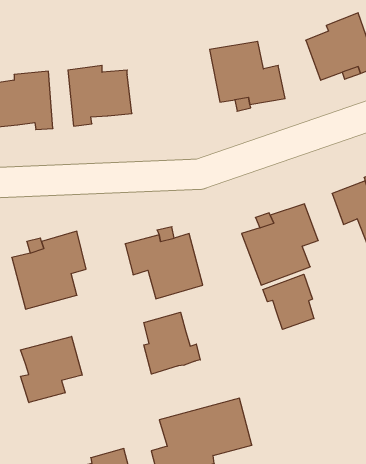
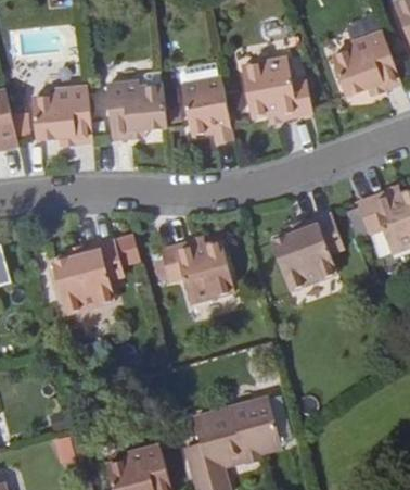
building: none -> [181,77,233,142]
building: [263,274,314,329] -> none
building: [144,312,200,374] -> none
building: [21,336,82,403] -> none

